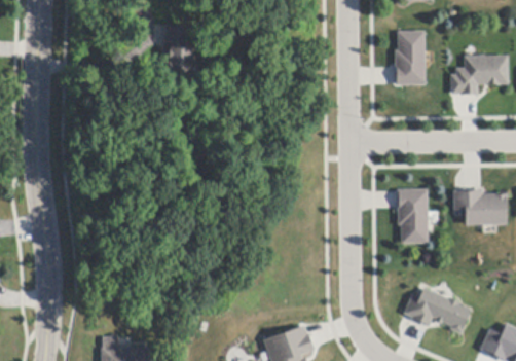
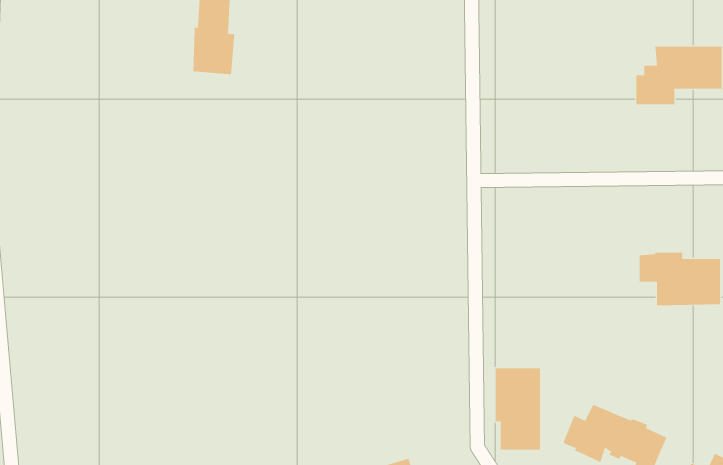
building: [395,31,426,84] -> none
building: [398,189,428,243] -> [495,368,541,450]

